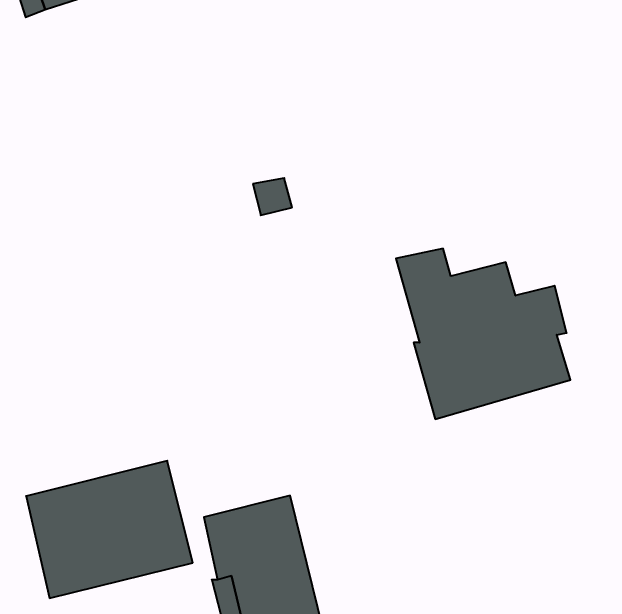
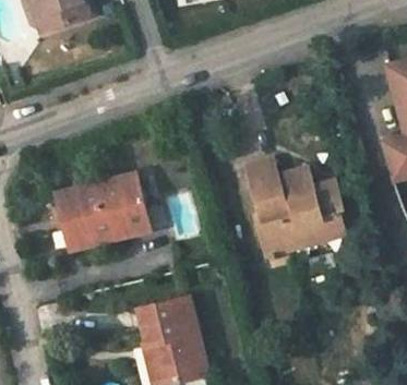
building: [26,461,193,598] -> [56,173,148,250]

